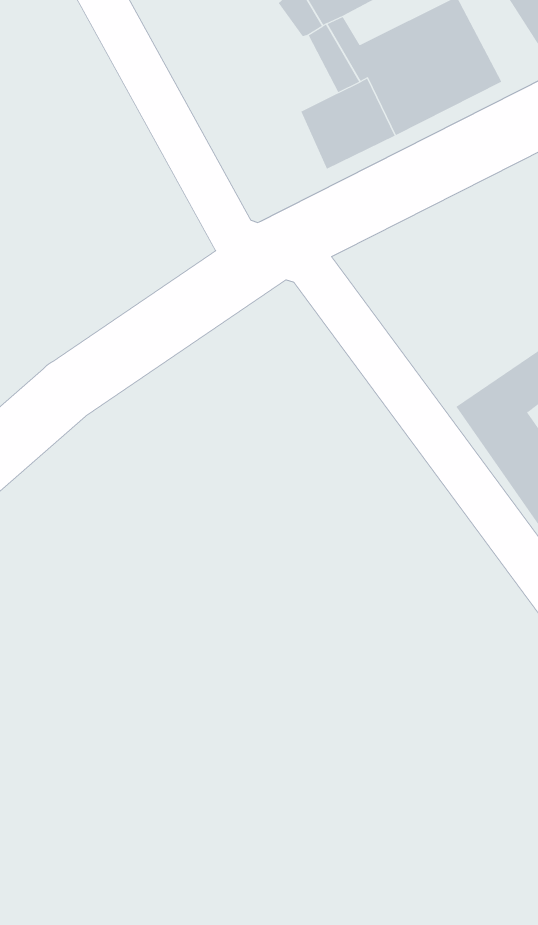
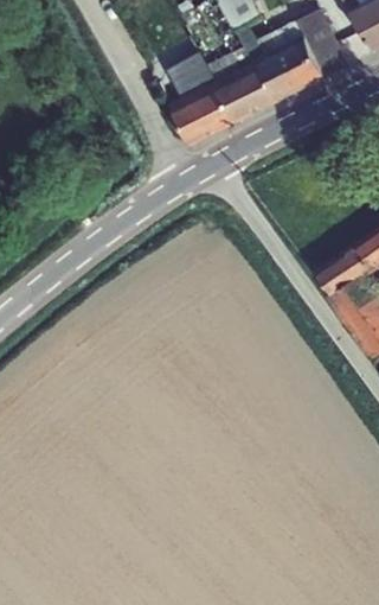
building: none -> [158,40,233,144]

